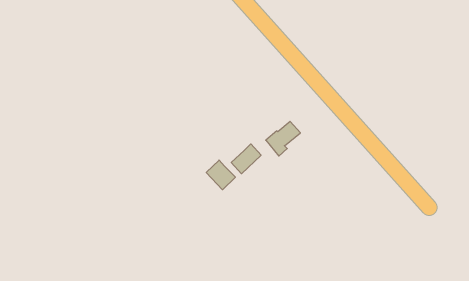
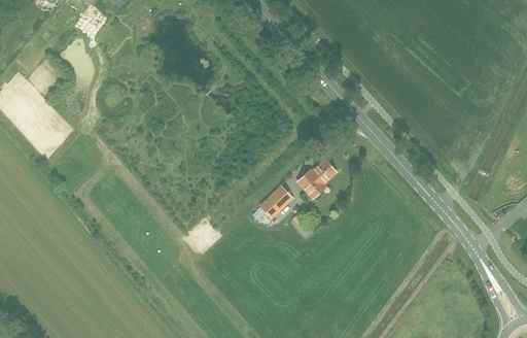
building: [206,160,235,190] -> none

